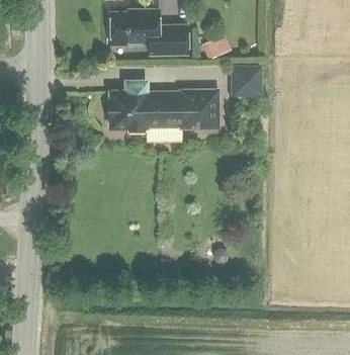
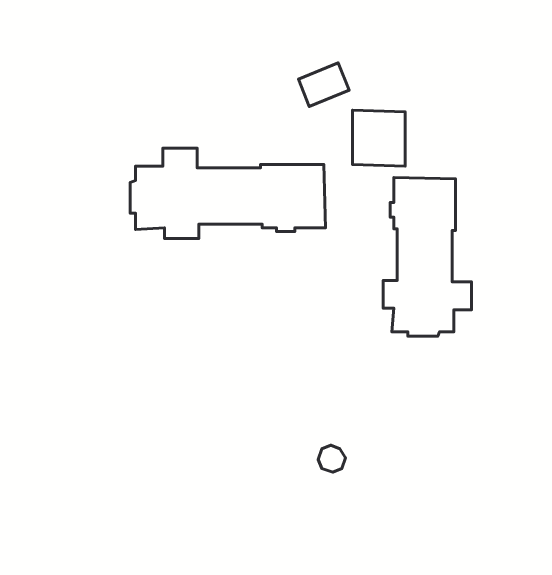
building: [109,10,187,56] -> none
building: none -> [383,177,471,336]

